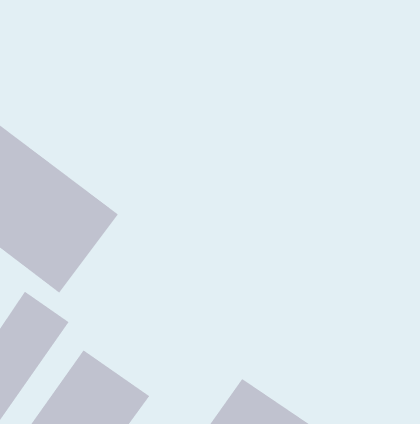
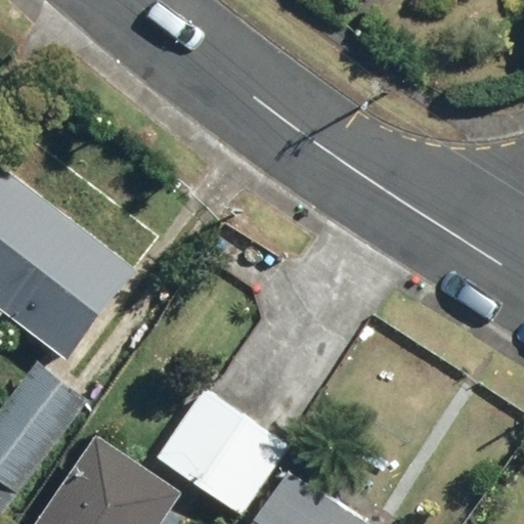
building: none -> [150,391,277,518]

